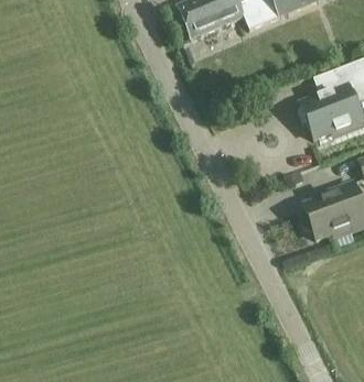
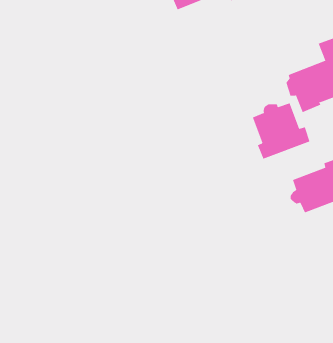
building: none -> [252,102,310,160]

